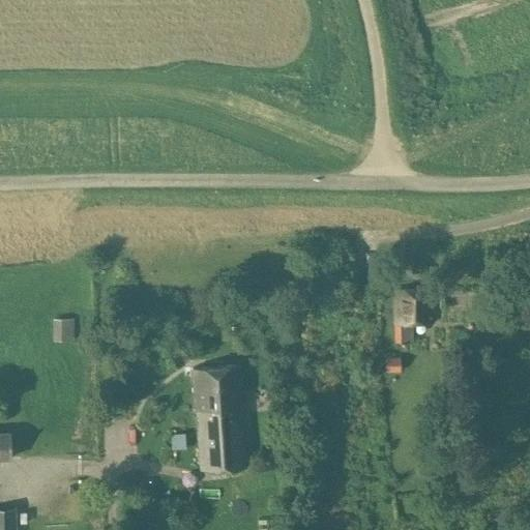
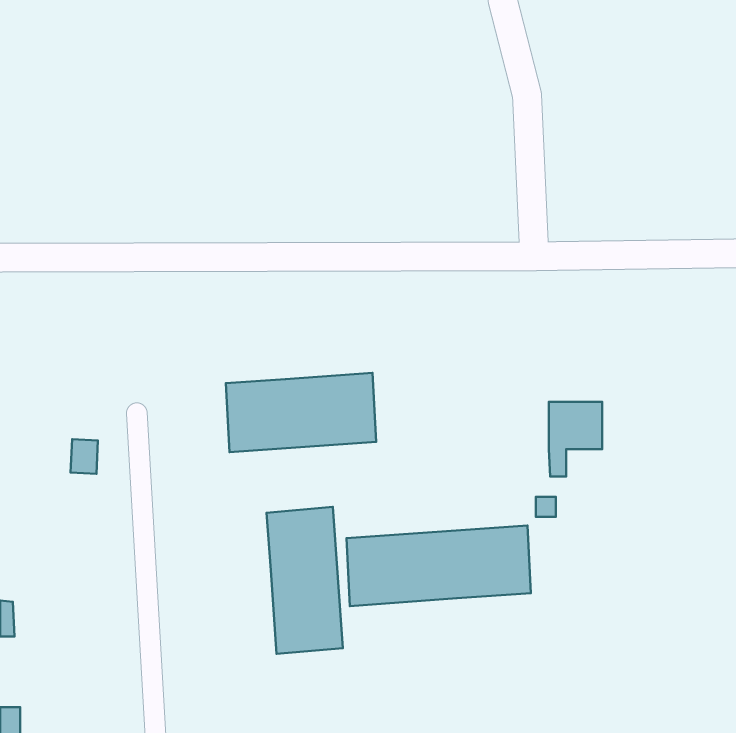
building: none -> [226,373,376,452]
building: none -> [346,525,531,606]

